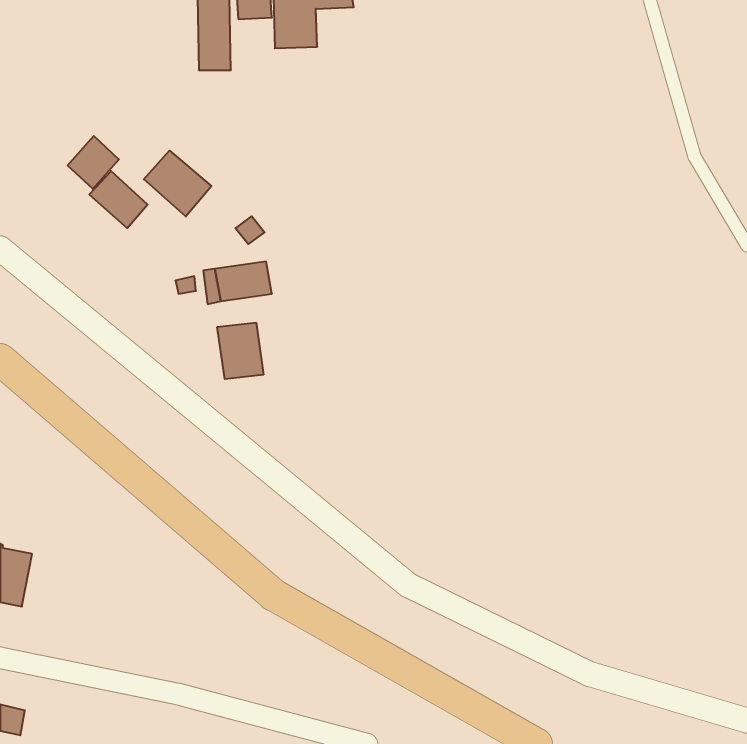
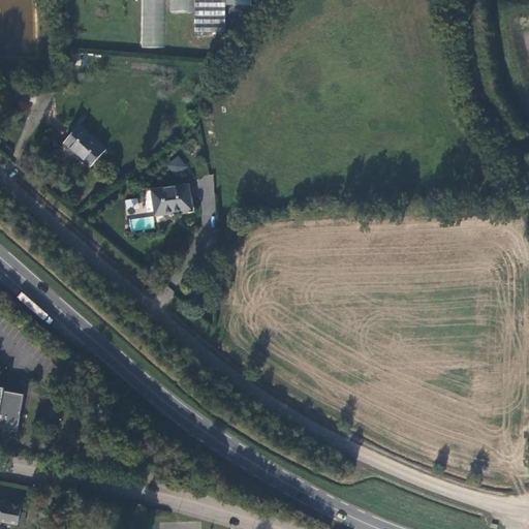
building: [68,136,119,189] -> none
building: [144,151,211,217] -> none
building: [217,323,263,379] -> none

